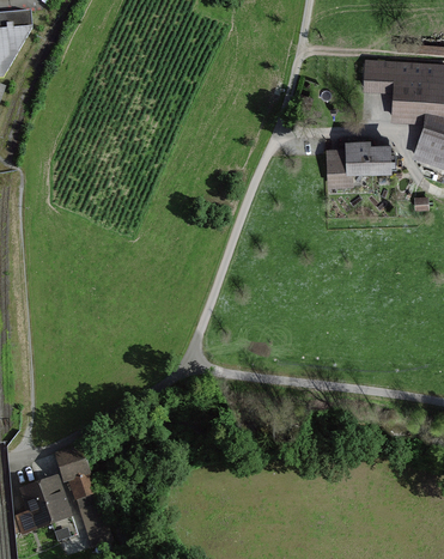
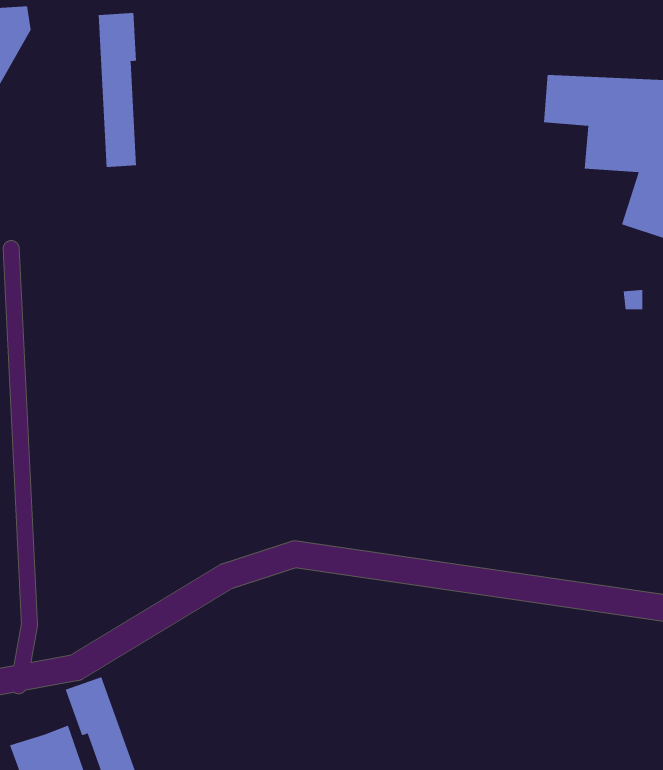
building: none -> [98,12,137,168]
building: [326,134,391,184] -> none

